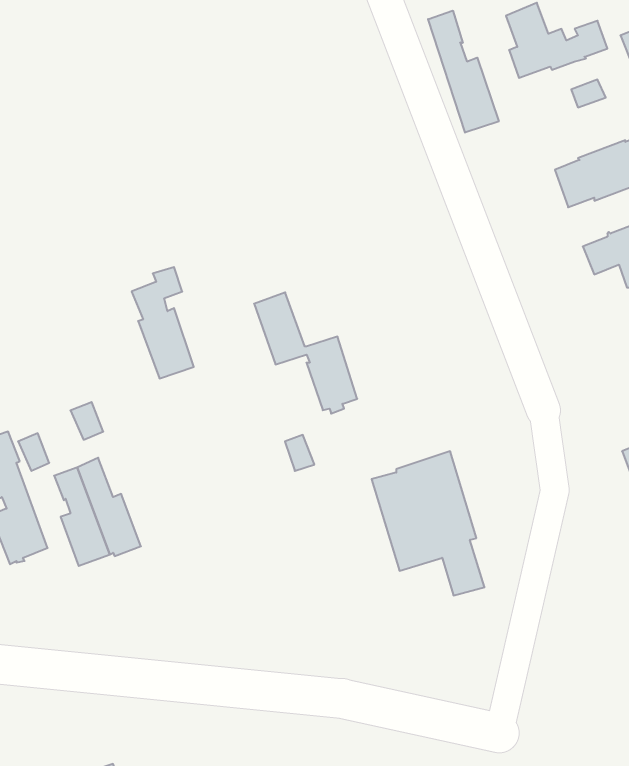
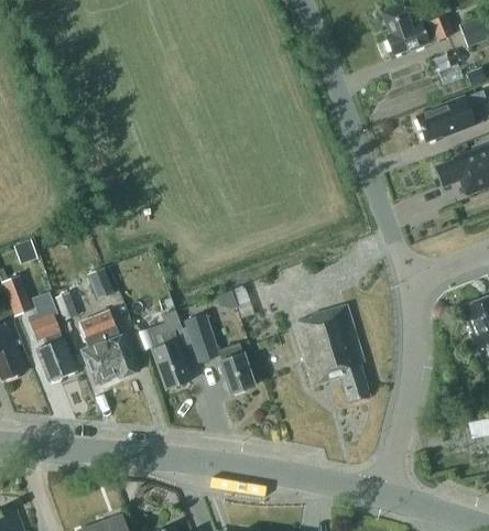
building: [428,11,499,133] -> none
building: [132,267,194,378] -> [148,312,189,387]
building: [254,292,357,414] -> [185,313,254,394]

